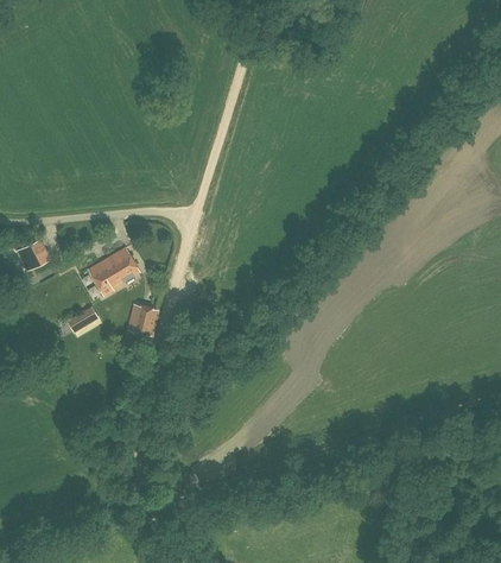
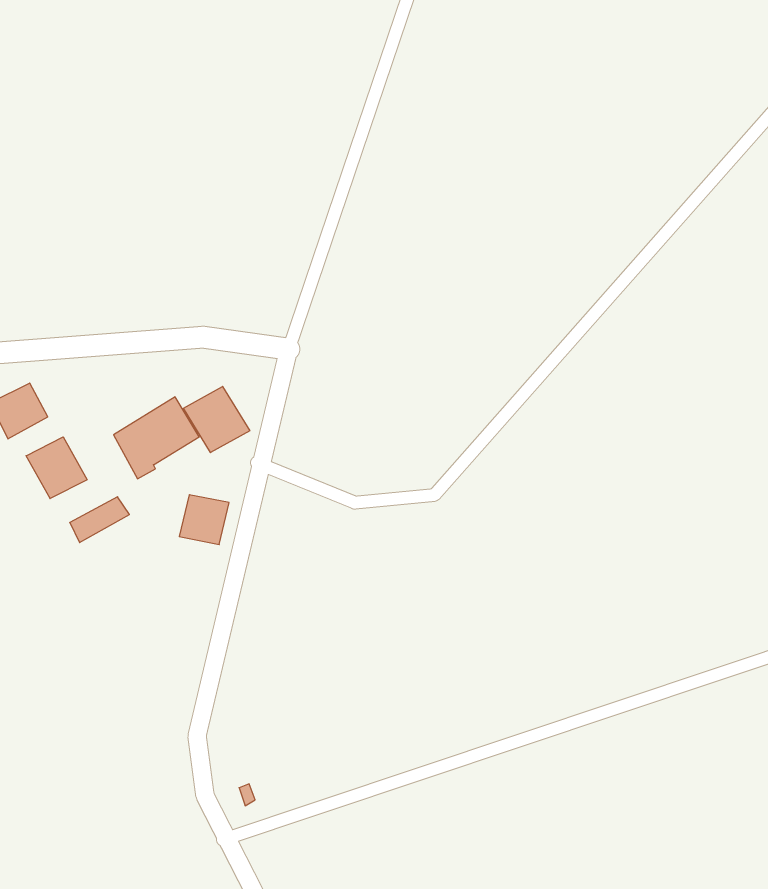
building: none -> [183,386,250,453]
building: none -> [26,437,87,499]

